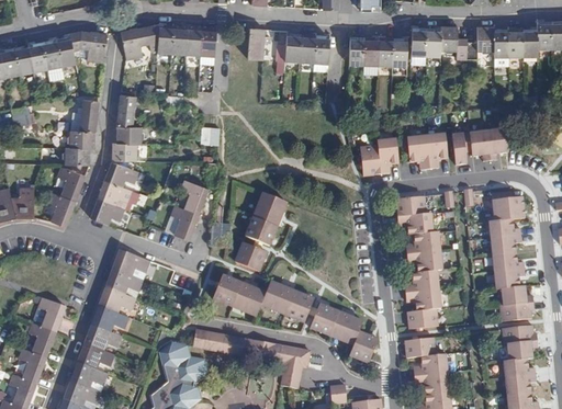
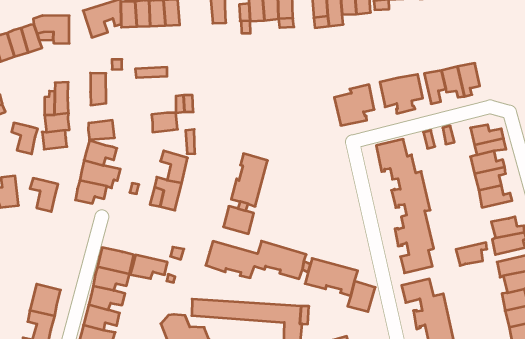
building: [116,126,142,144] -> [152,113,178,132]
building: [58,168,85,201] -> [12,123,38,154]
building: [112,250,150,275] -> [130,255,167,279]
building: [494,270,525,289] -> [456,243,487,266]

